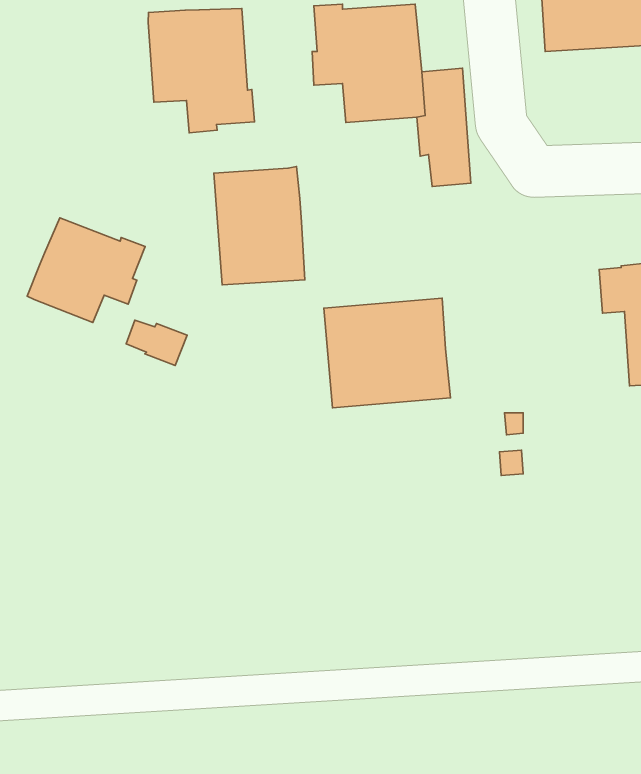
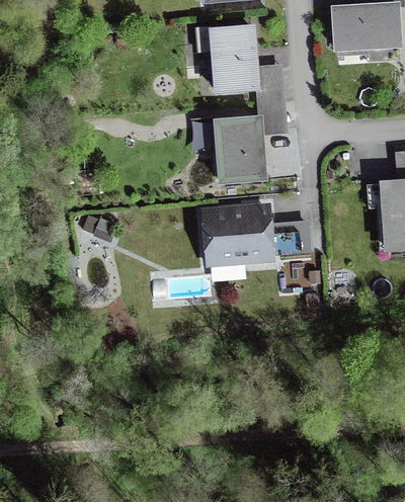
building: [148,8,254,133] -> none
building: [214,167,305,285] -> [213,114,267,185]
building: [27,218,145,322] -> none

